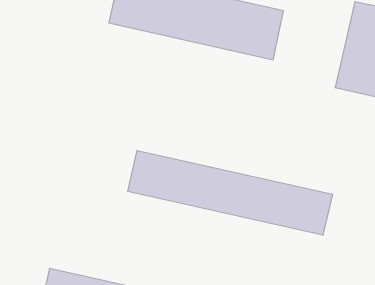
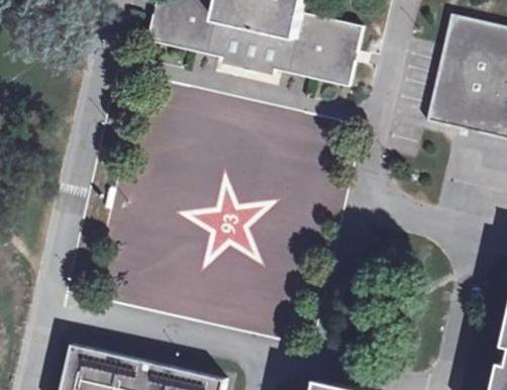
building: [128,150,332,235] -> none

